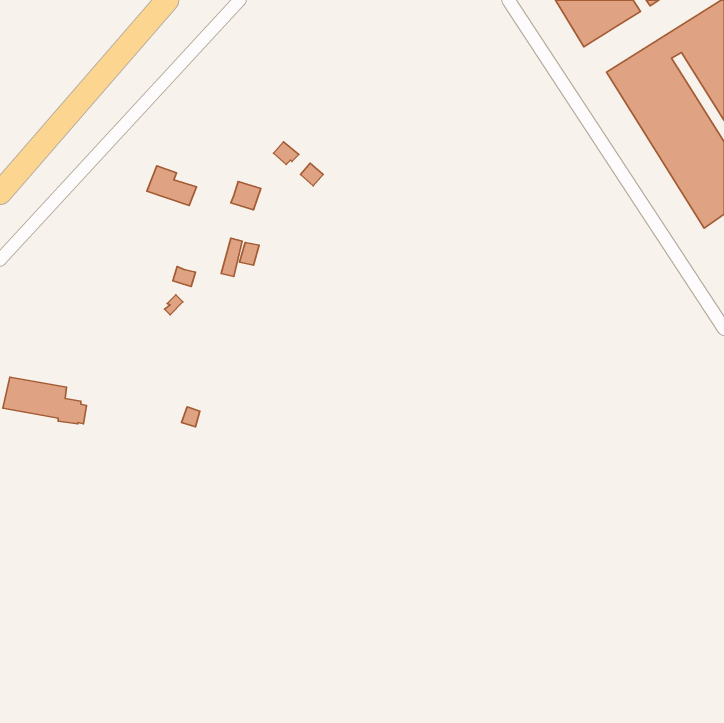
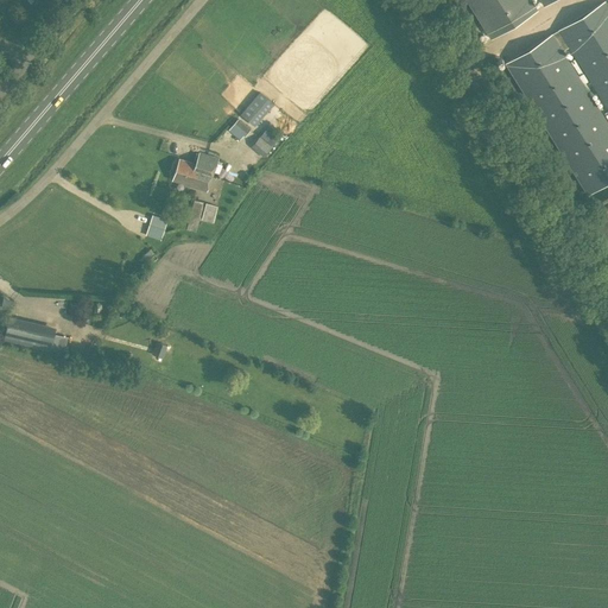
building: none -> [241,91,274,126]
building: [147,166,196,205] -> [171,159,213,192]

